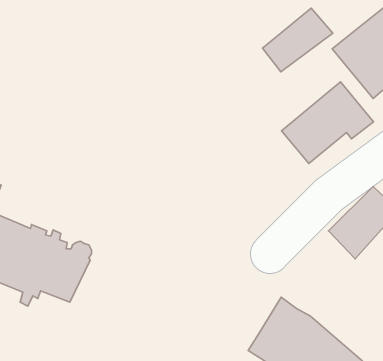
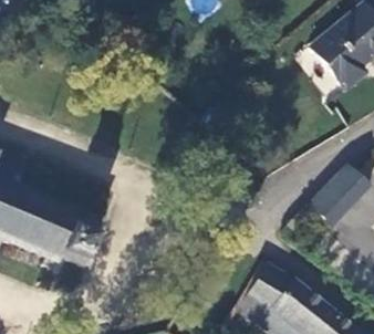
building: [262,8,333,72] -> none
building: [282,82,373,163] -> none

